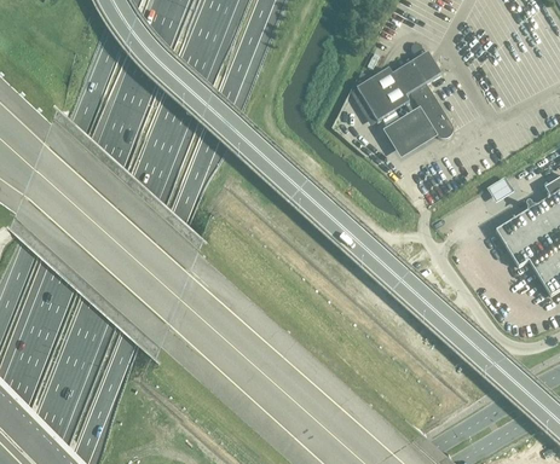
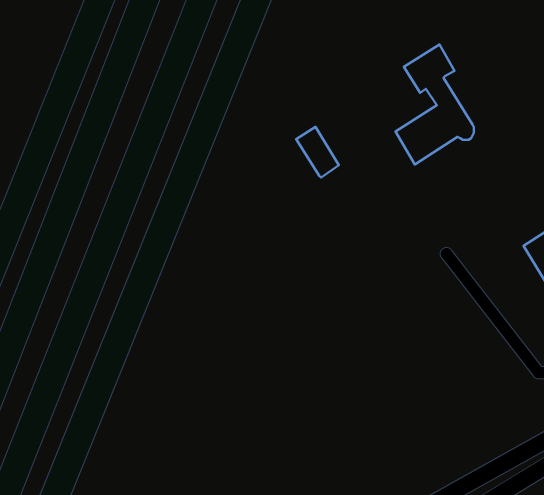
building: [356,74,393,118] -> [296,127,339,178]

